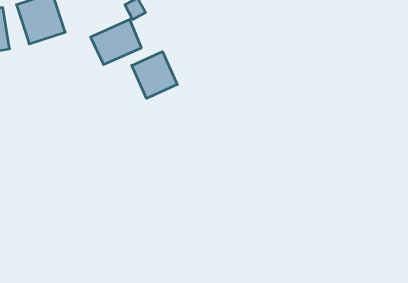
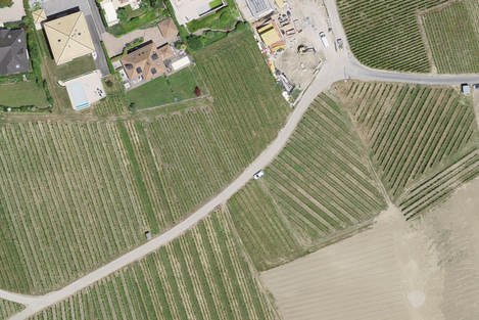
building: [132,52,177,98] -> none

